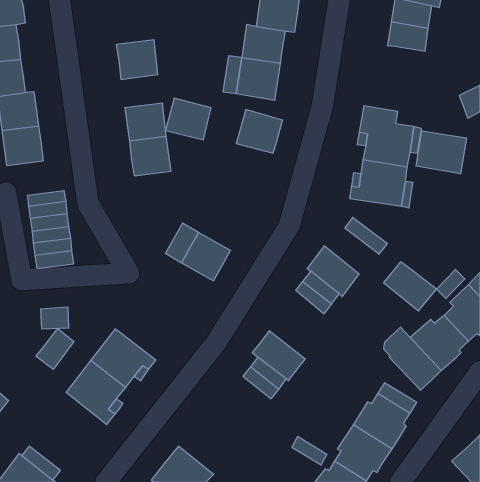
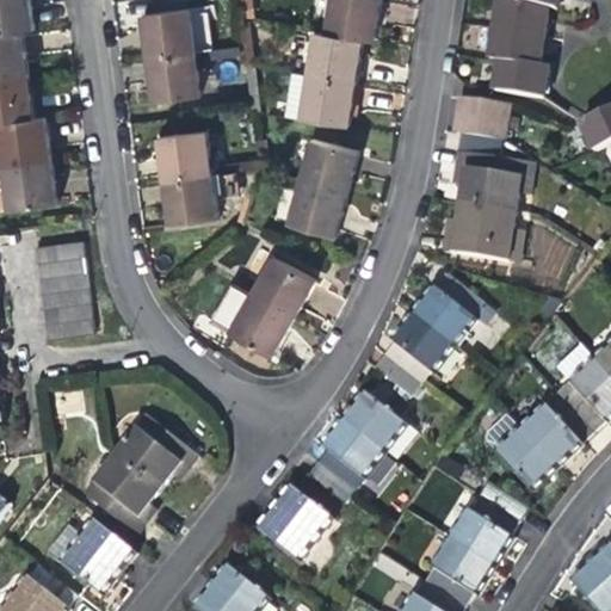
building: none -> [141,7,195,56]
building: none -> [494,58,547,98]
building: none -> [453,97,508,141]
building: [166,98,211,140] -> [288,181,345,234]
building: [416,131,467,174] -> none
building: none -> [251,257,313,316]
building: [384,262,437,311] -> [409,284,476,346]
building: none -> [340,390,407,453]
building: [36,328,74,369] -> none
building: none -> [253,485,332,562]
building: none -> [57,518,136,597]

